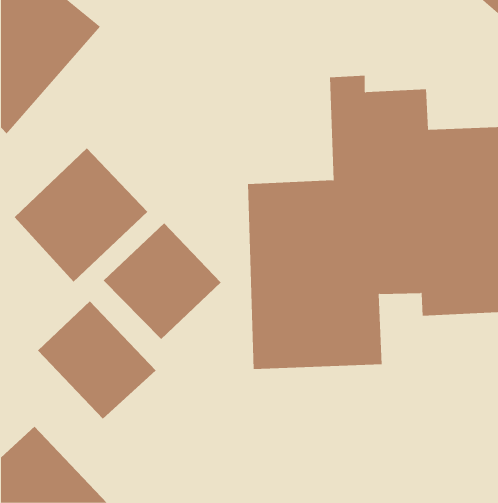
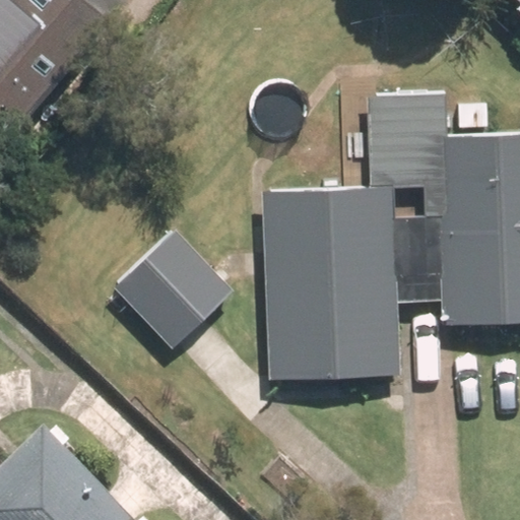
building: [14,147,148,283] -> none
building: [37,300,157,420] -> none

